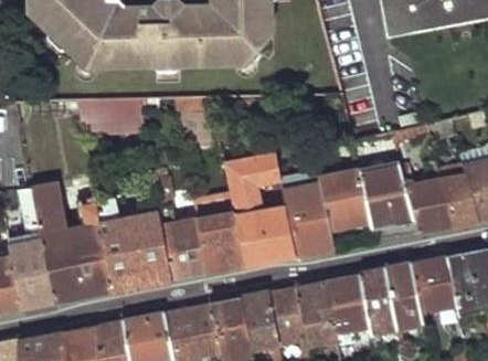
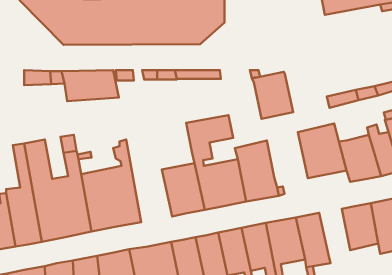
building: [152,169,209,279] -> none
building: [318,171,367,226] -> [252,72,293,119]
building: [382,264,418,318] -> none

